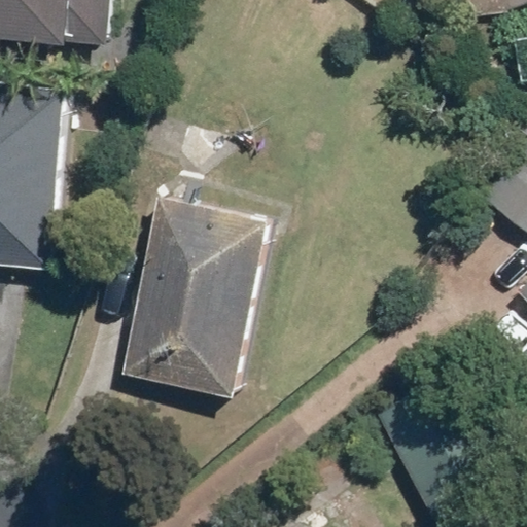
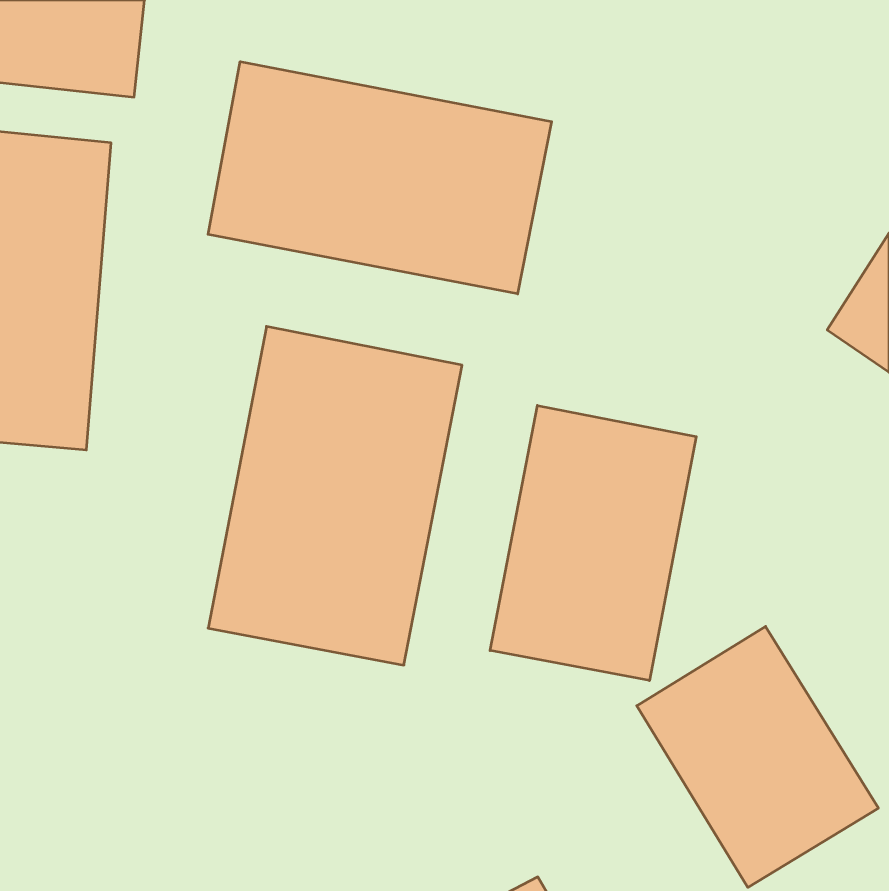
building: none -> [208,62,552,294]
building: none -> [490,405,696,681]

